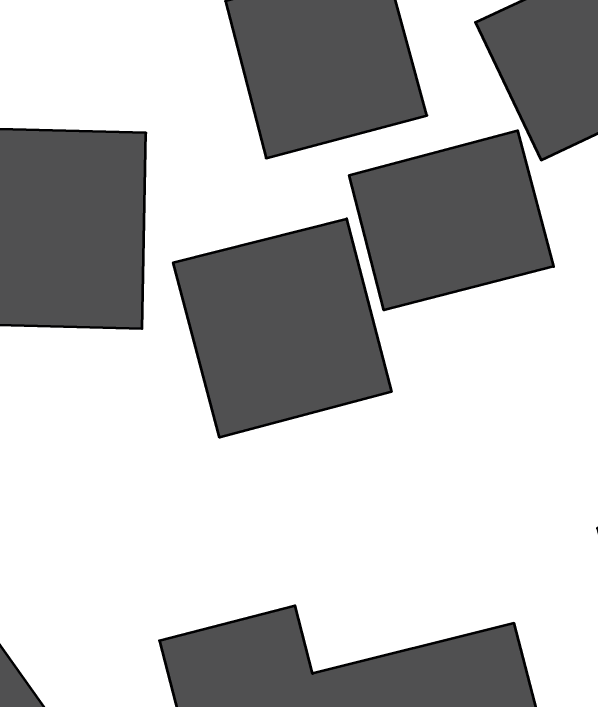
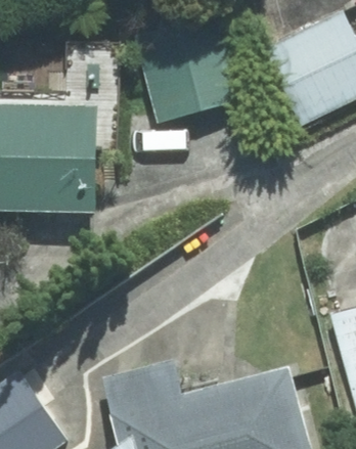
building: [349,131,554,310] -> none
building: [173,219,391,437] -> none

